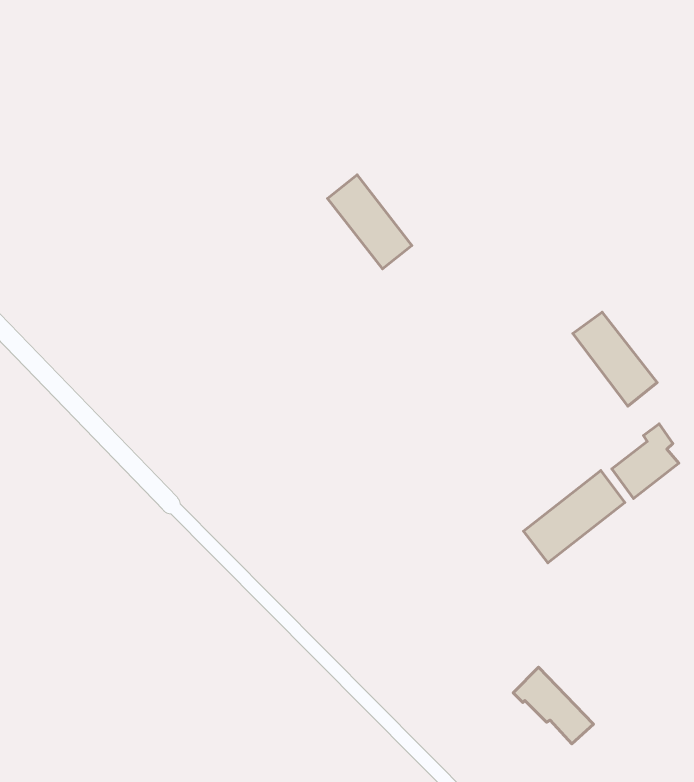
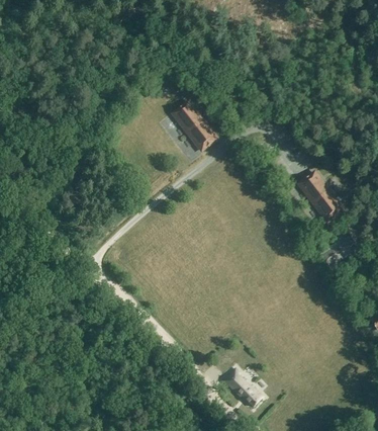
building: [523,471,625,563] -> none
building: [513,667,593,744] -> [221,367,263,407]

